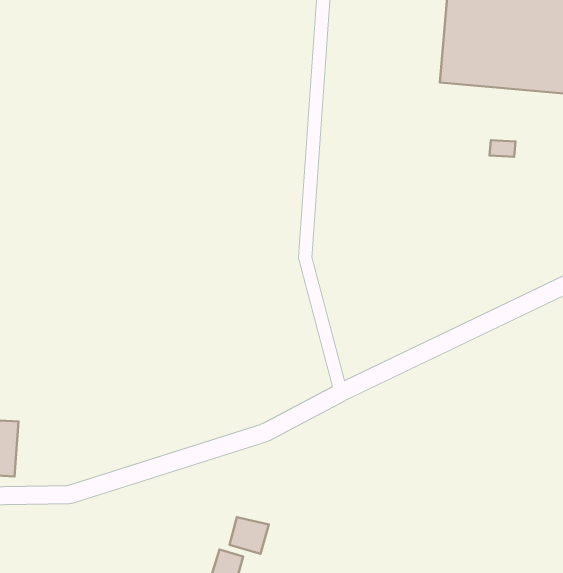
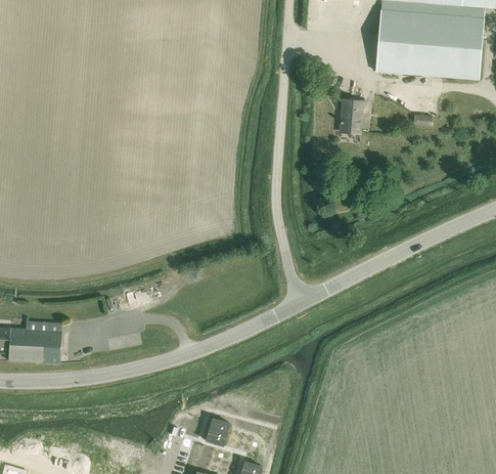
building: none -> [340,99,365,133]
building: [230,517,269,554] -> none

